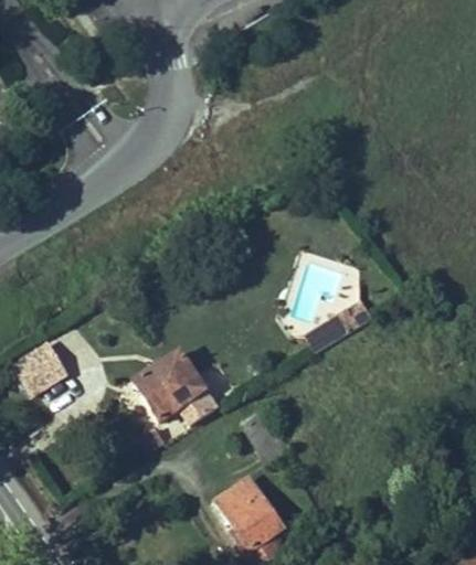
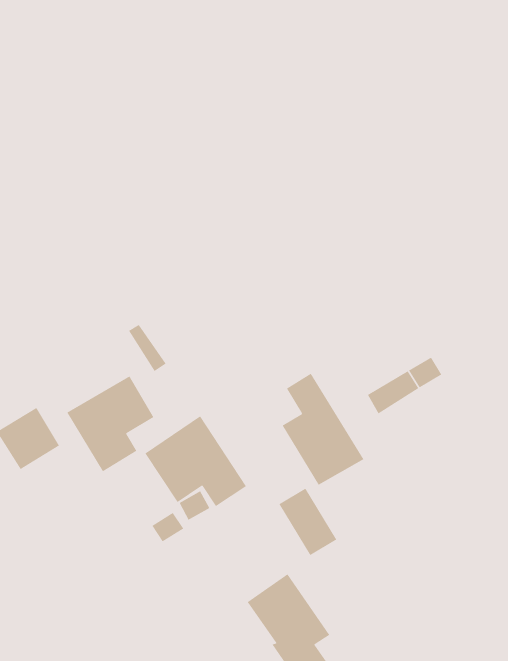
building: none -> [282,373,364,486]
building: none -> [66,375,154,472]

